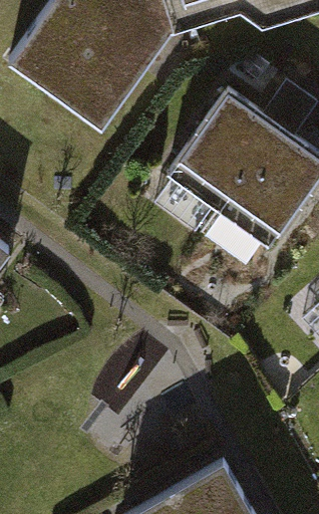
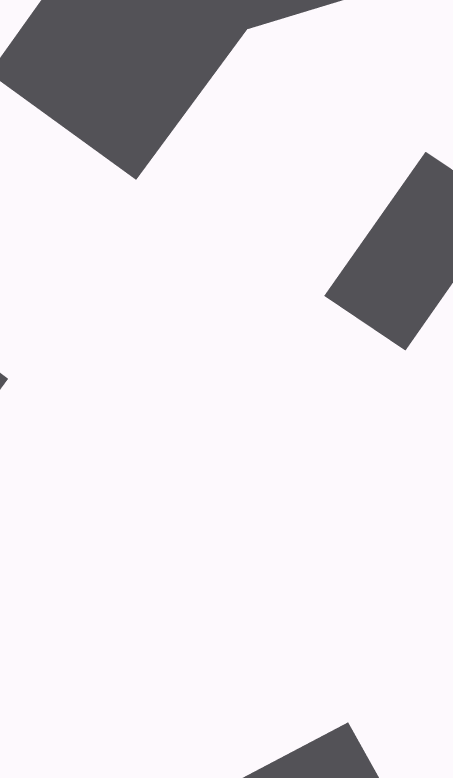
building: [167,79,281,207] -> none

